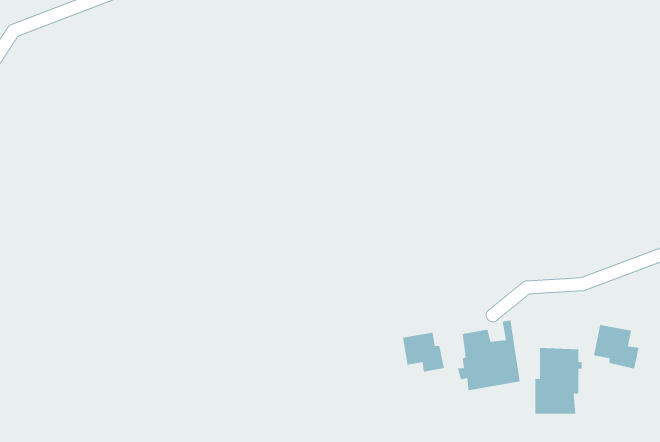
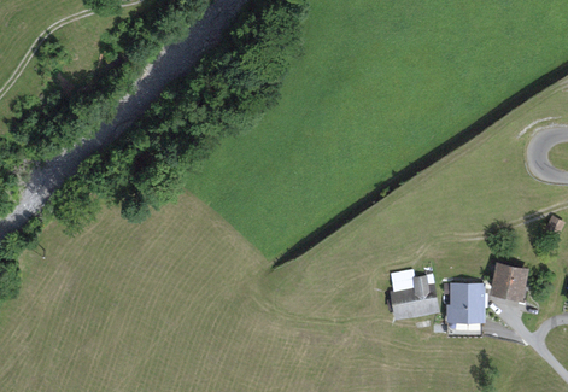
building: [402,332,445,372] -> none

